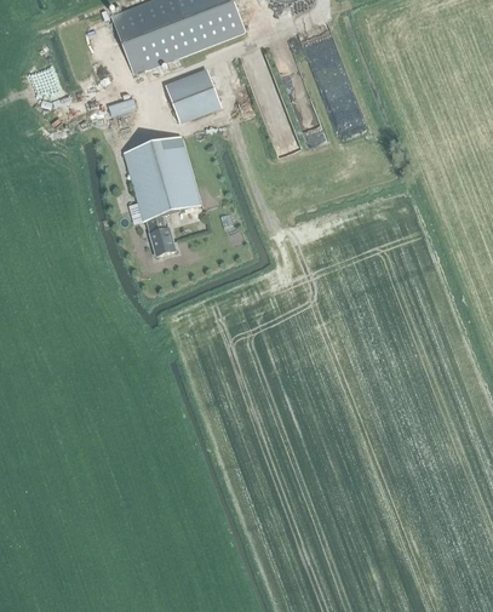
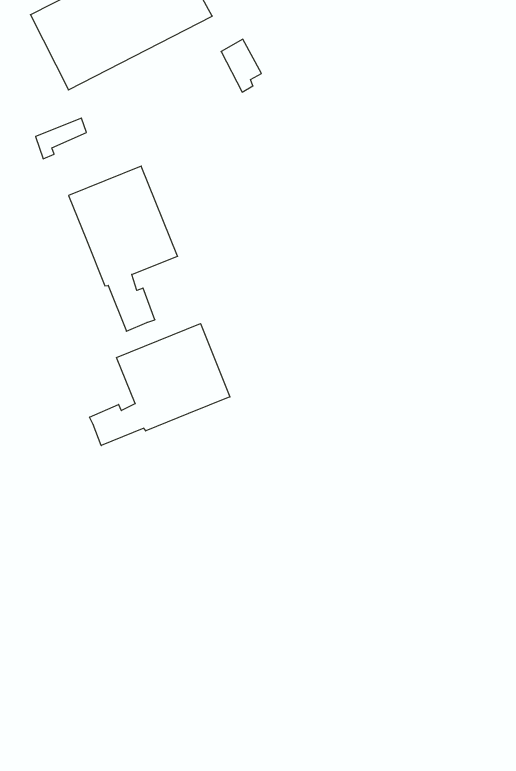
building: [166,68,222,122] -> none
building: none -> [90,324,230,446]

